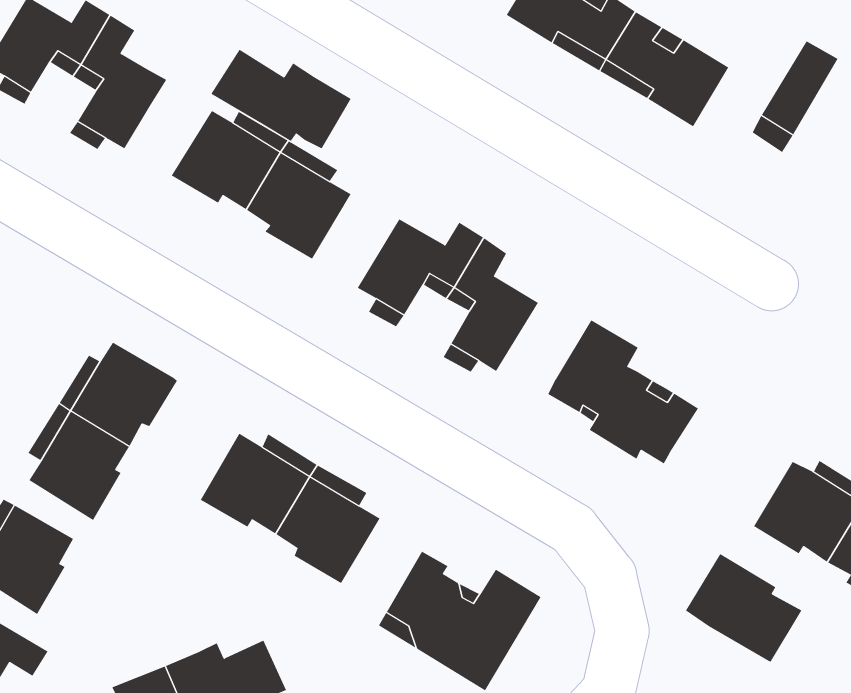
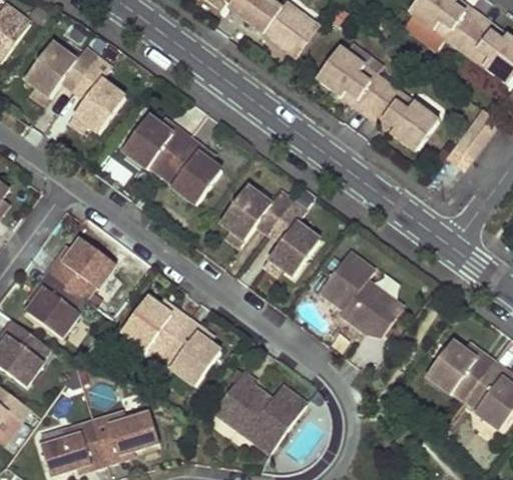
building: [211,49,352,149] -> none
building: [685,553,802,663] -> none

